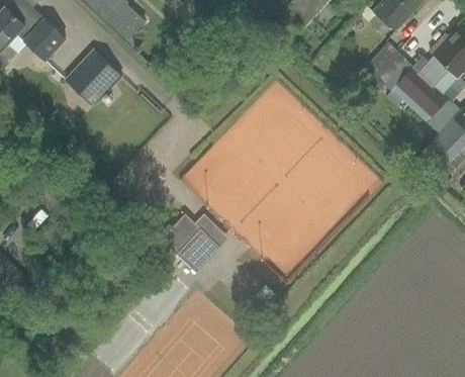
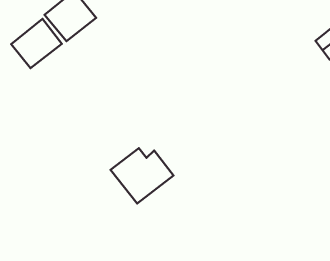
building: none -> [11,19,62,68]

